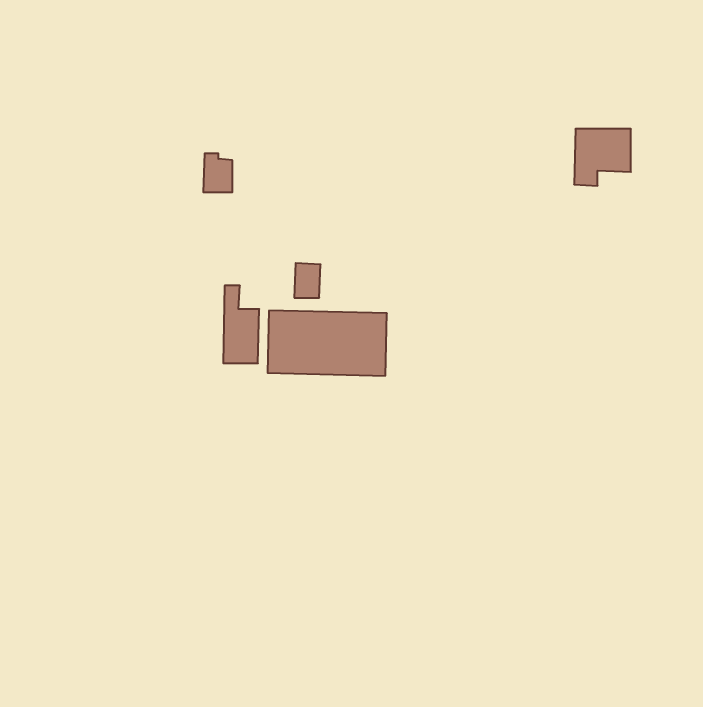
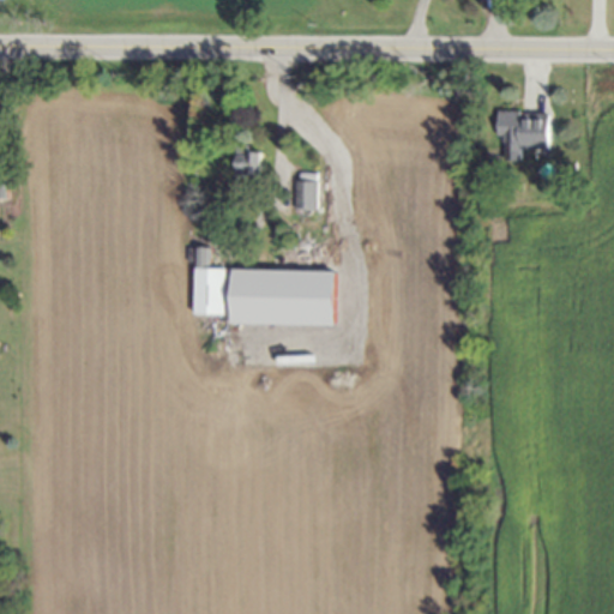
building: [203,153,232,192] -> [234,146,259,180]
building: [294,263,321,298] -> [293,180,315,210]

